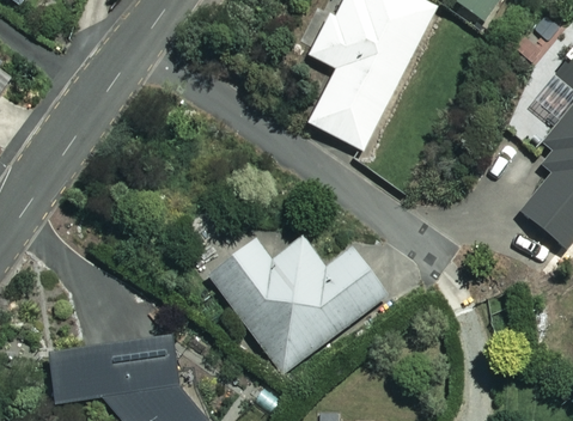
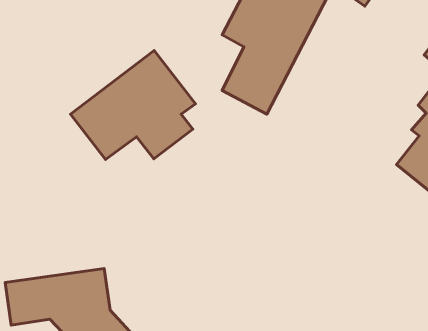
building: none -> [70,50,195,159]
building: [208,234,388,371] -> none

